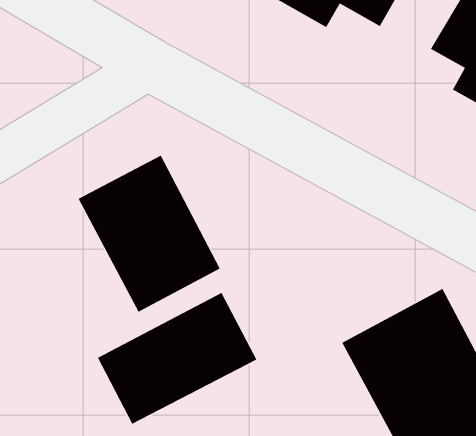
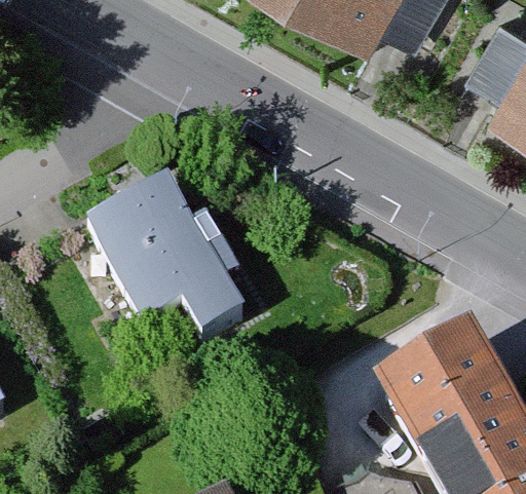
building: [97,292,257,425] -> none

